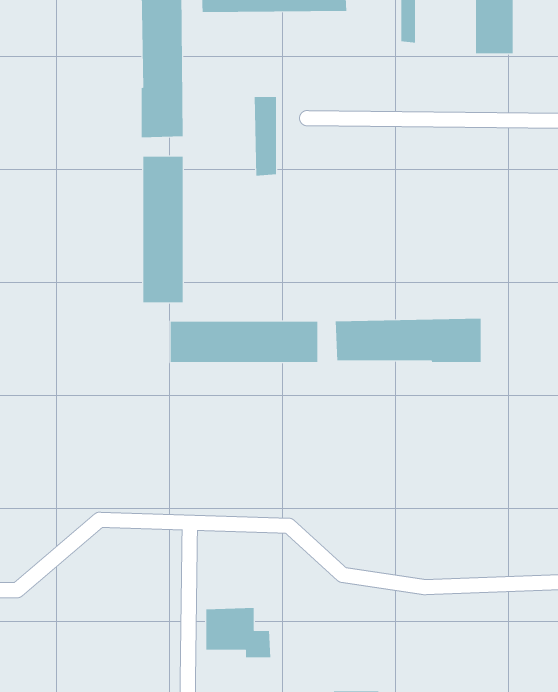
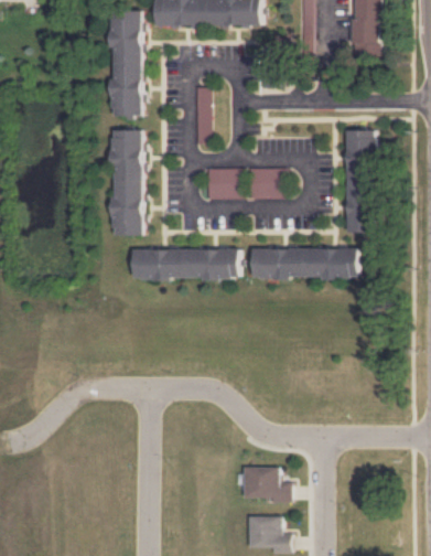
building: none -> [345,129,375,232]
building: none -> [205,167,282,199]
building: [206,608,271,658] -> [245,466,292,502]

